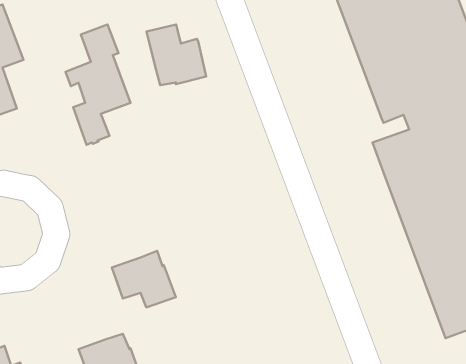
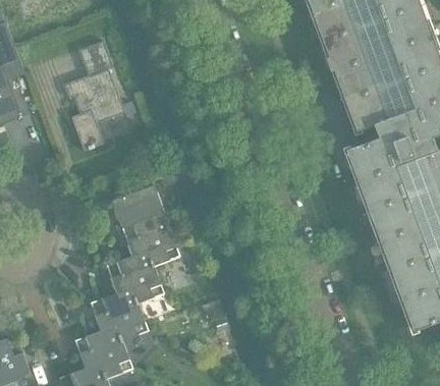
building: [147,25,206,85] -> none
building: none -> [111,184,179,265]
building: none -> [91,289,149,341]

